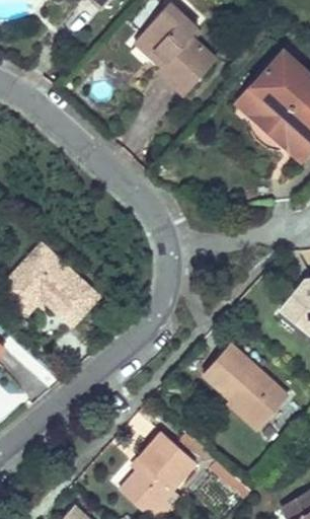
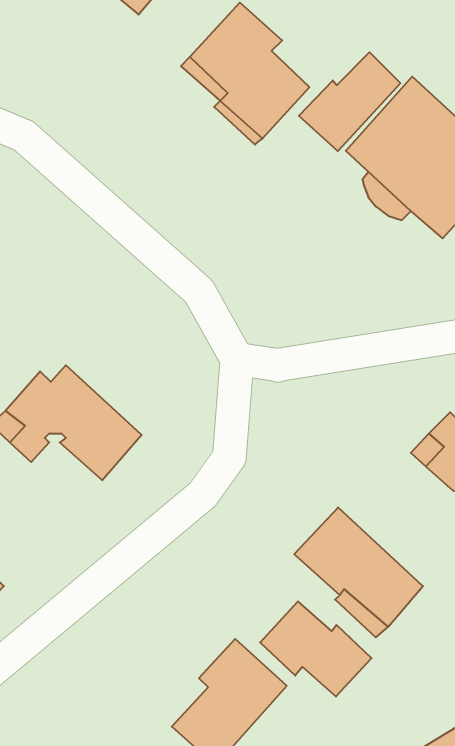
building: none -> [299,52,400,151]
building: none -> [260,601,372,697]

